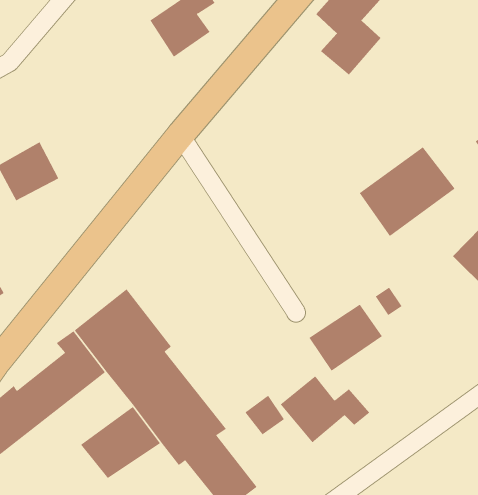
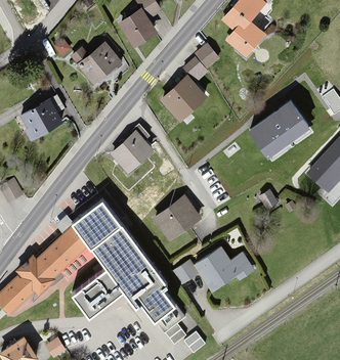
building: none -> [75,42,120,85]
building: none -> [160,46,221,120]
building: none -> [108,131,150,173]
building: [309,304,383,372] -> [152,196,199,239]

